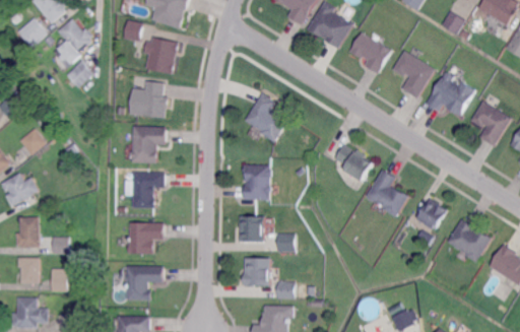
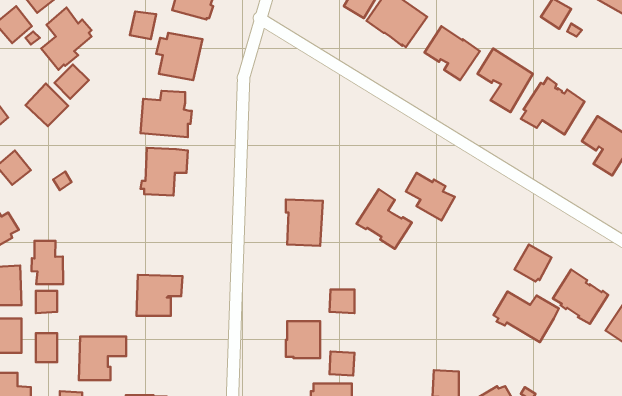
building: none -> [25,83,68,126]
building: [244,93,288,142] -> none
building: [364,171,406,216] -> [356,189,412,249]
building: [131,173,164,209] -> none
building: none -> [32,241,63,284]
building: [237,216,263,244] -> none
building: none -> [493,292,559,342]
building: [125,267,161,301] -> [79,336,126,380]

